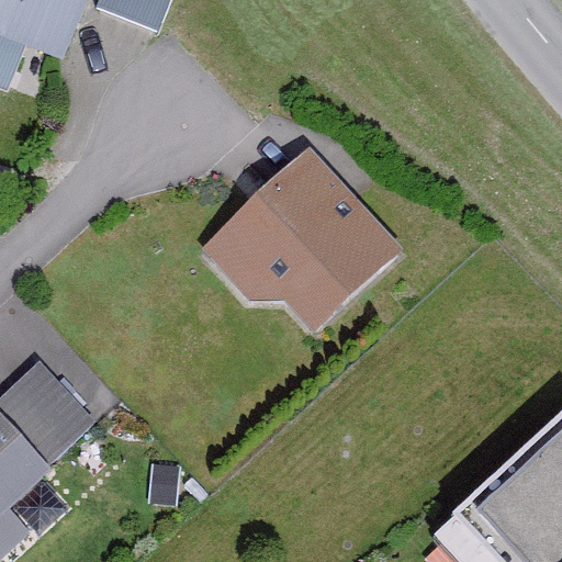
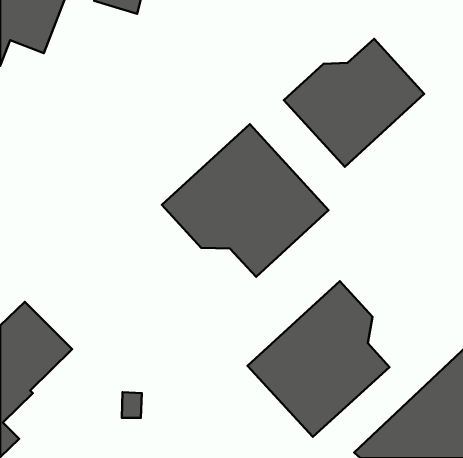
building: none -> [284,39,424,167]
building: none -> [248,281,389,437]

